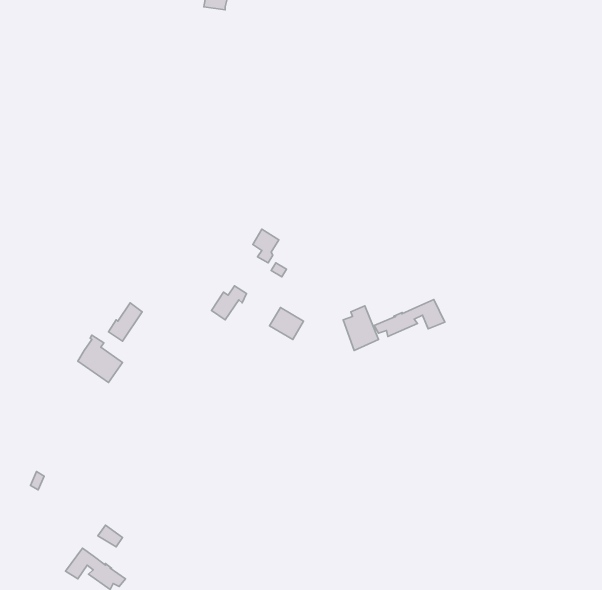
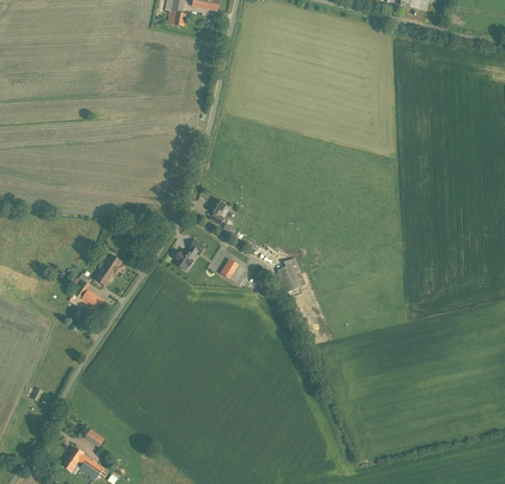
building: [374,300,445,337] -> none

